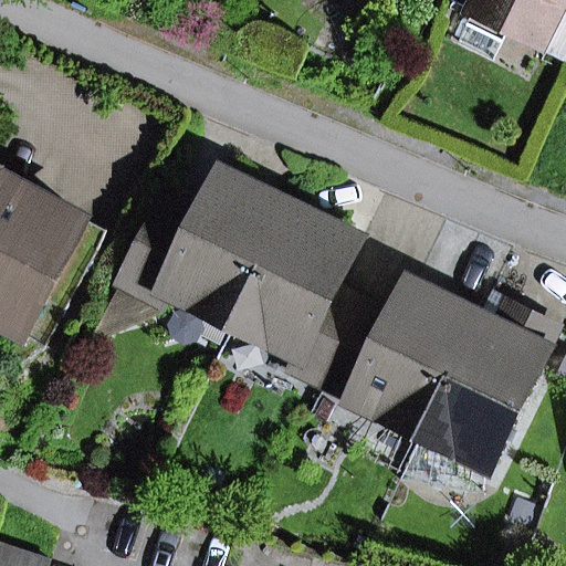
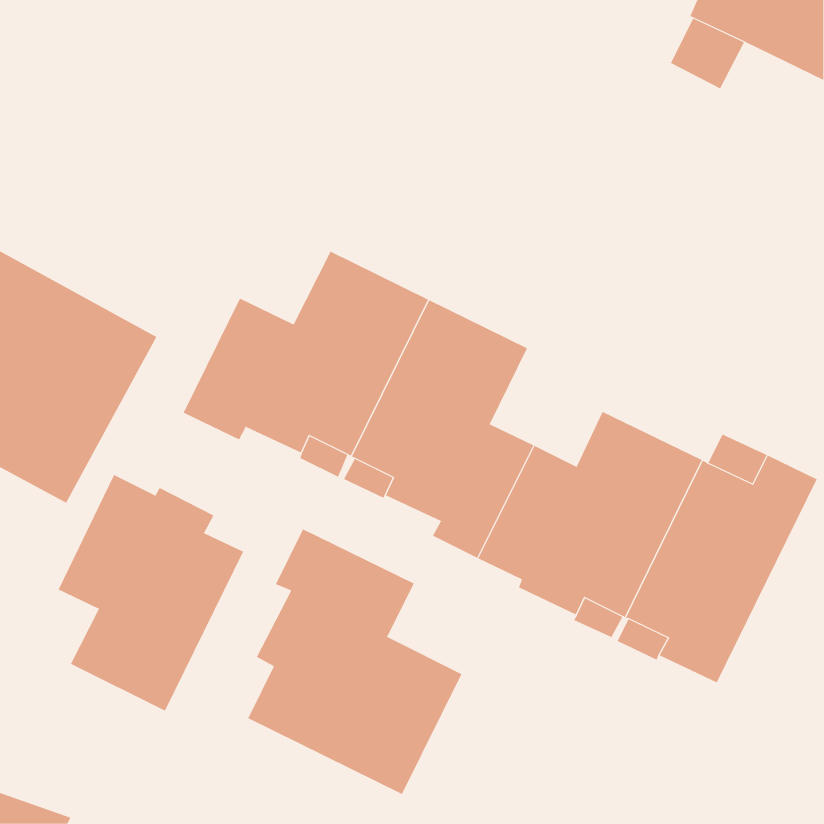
building: none -> [58,474,244,711]
building: none -> [248,529,462,795]

